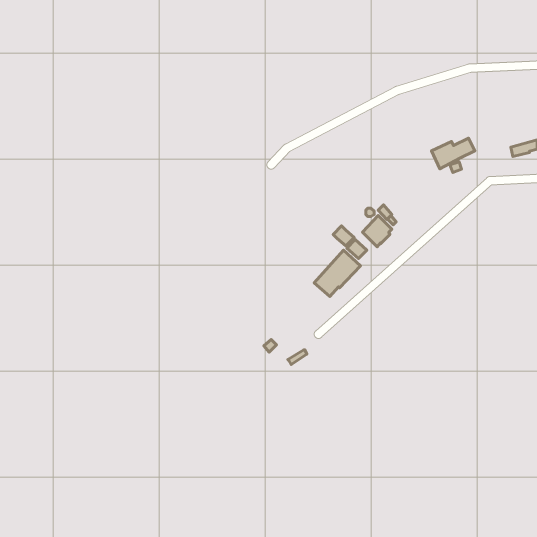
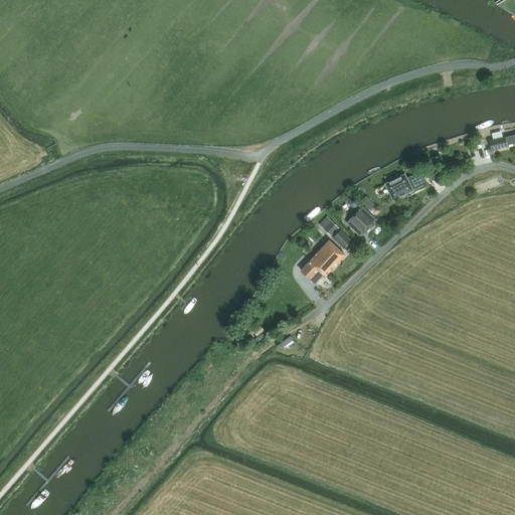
building: [432,138,475,169] -> [385,171,426,200]

